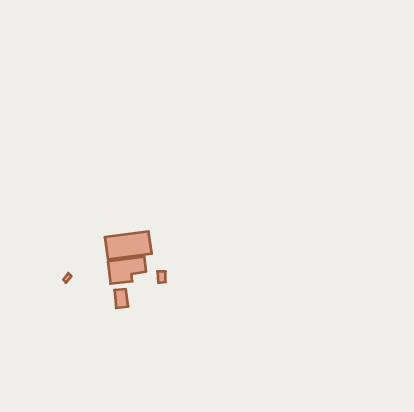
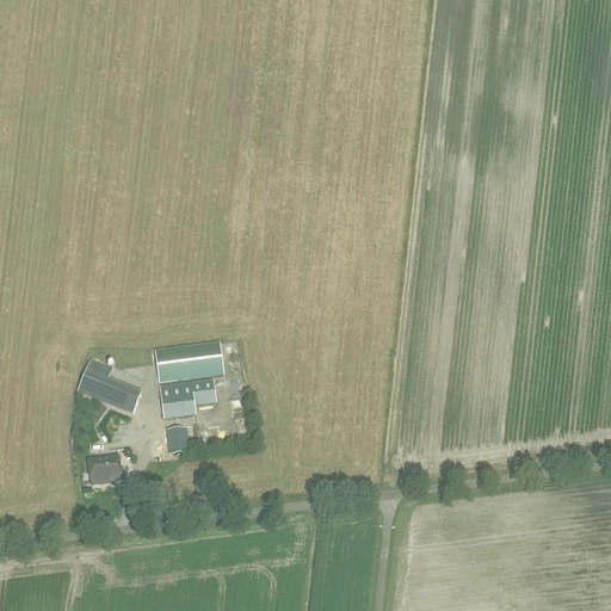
building: none -> [76,368,140,412]
building: none -> [87,455,124,482]

